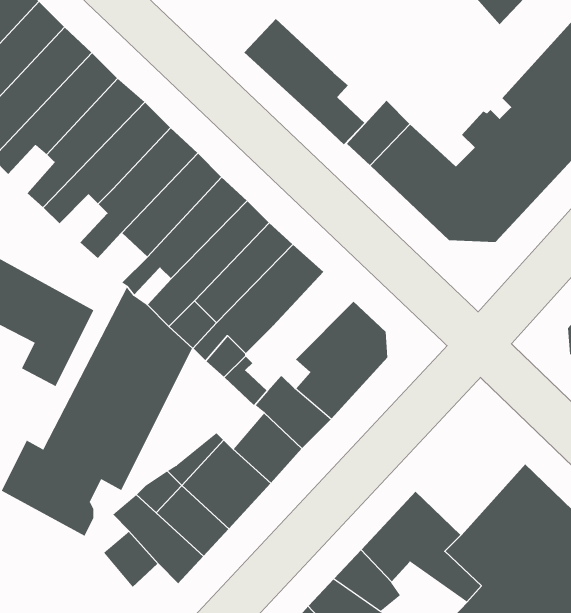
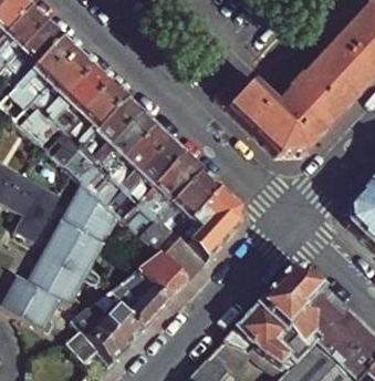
building: [244,18,365,145] -> none
building: none -> [167,169,221,233]
building: none -> [259,269,325,329]

